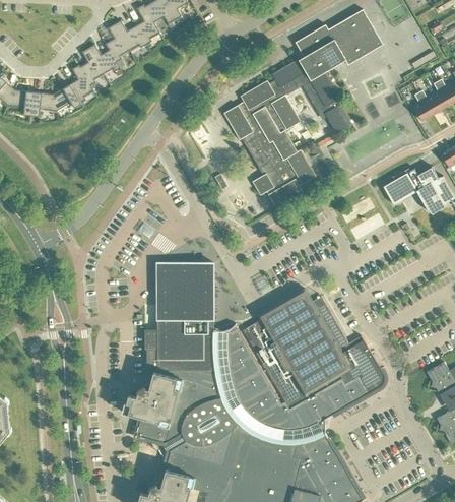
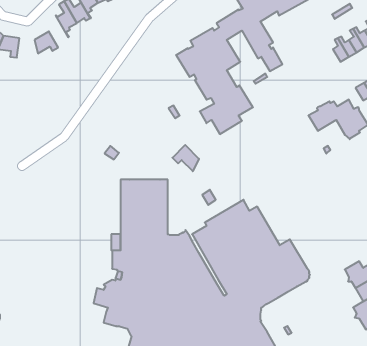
building: [70,65,93,104] -> none
building: [31,92,57,117] -> none
building: none -> [172,145,199,171]

